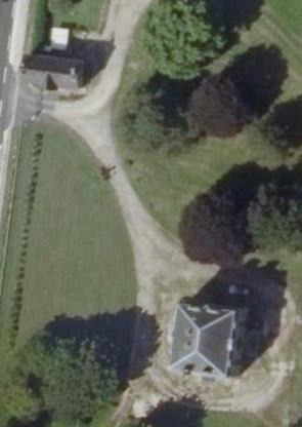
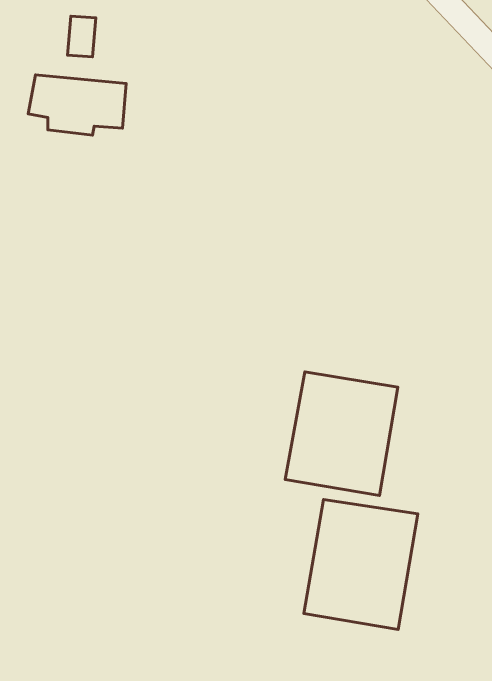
building: none -> [285,372,398,496]

